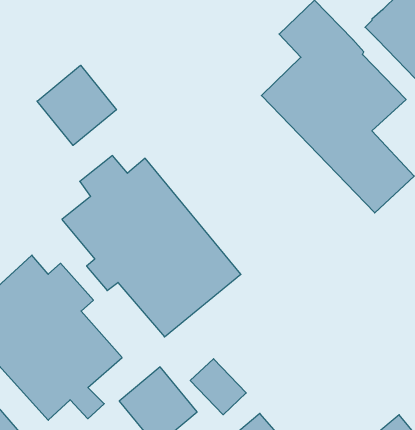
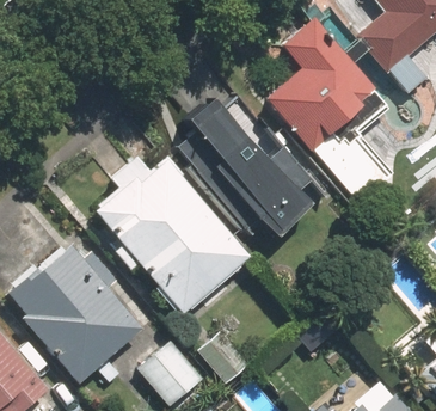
building: [37,65,116,145] -> none
building: none -> [173,93,314,239]

